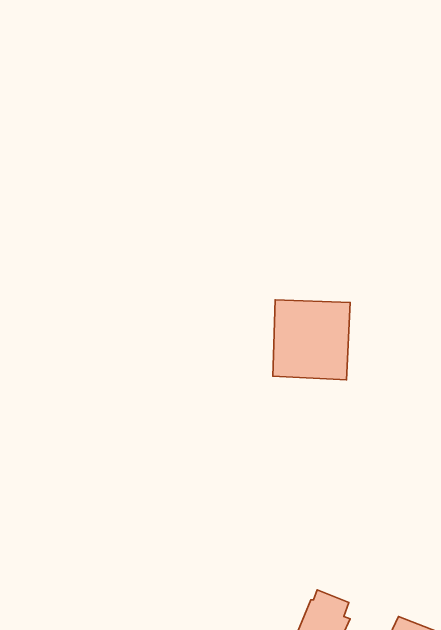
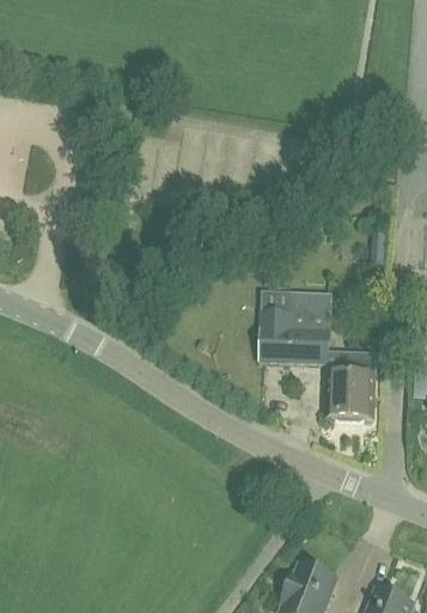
building: none -> [324,348,373,414]

